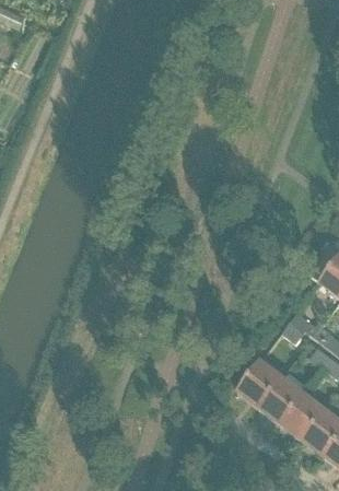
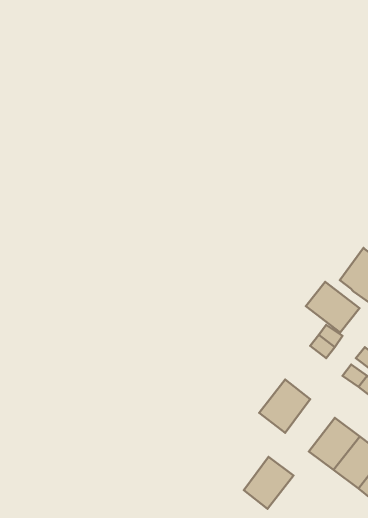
building: none -> [306,282,360,332]
building: [259,377,303,423] -> [244,457,293,509]

